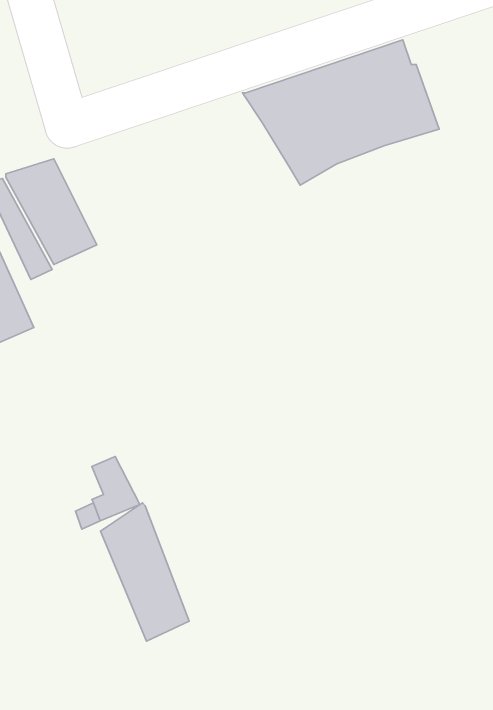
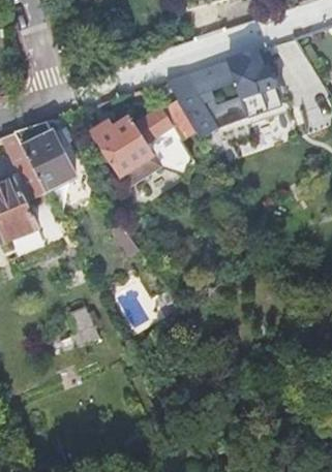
building: none -> [91,99,193,185]
building: [101,503,189,641] -> none

